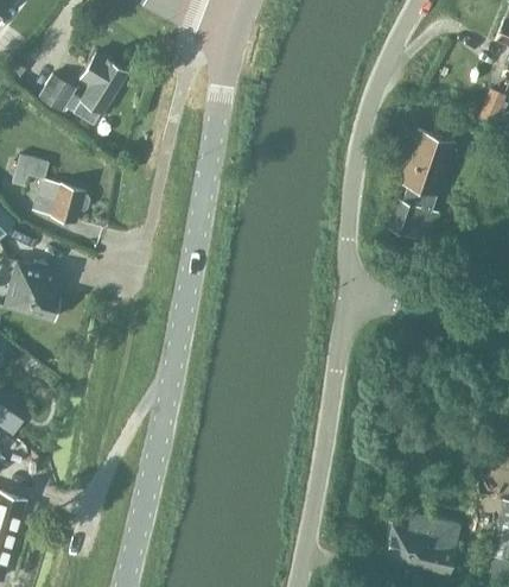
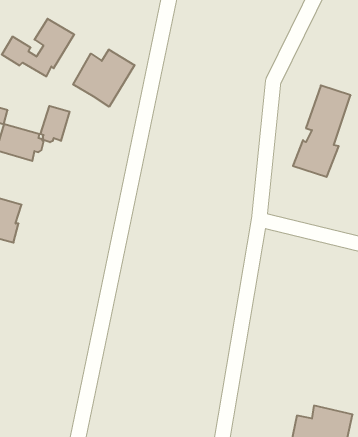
building: none -> [73,49,135,107]
building: none -> [41,106,70,142]

